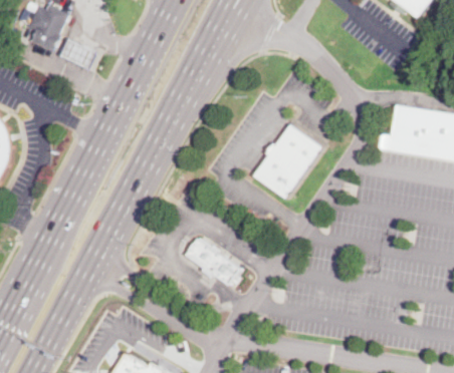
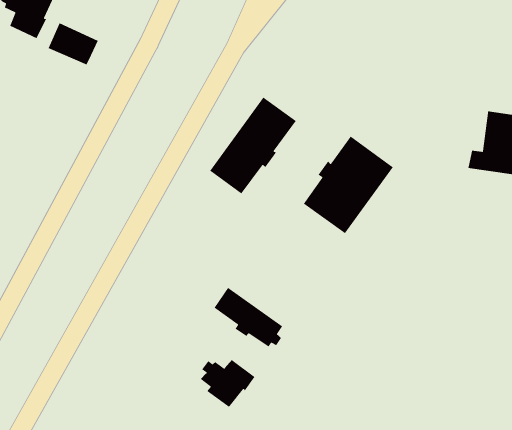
building: none -> [209,96,297,194]
building: none -> [200,359,255,408]

